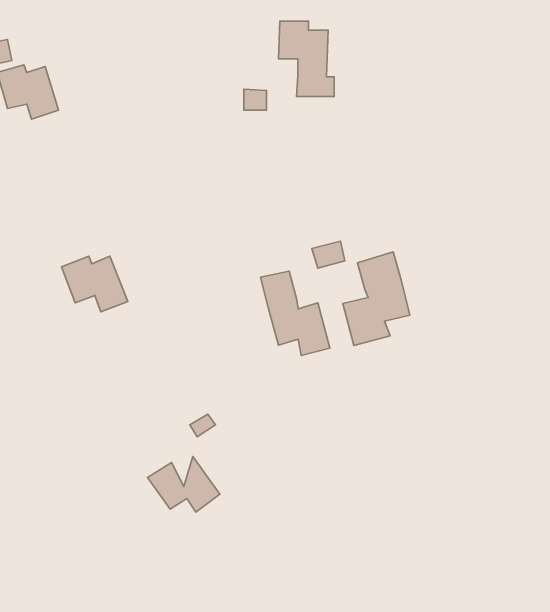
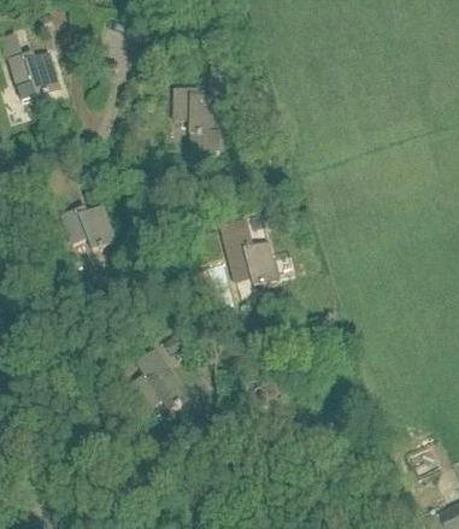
building: [278,21,334,96] -> [176,87,220,147]
building: [343,252,410,345] -> none

